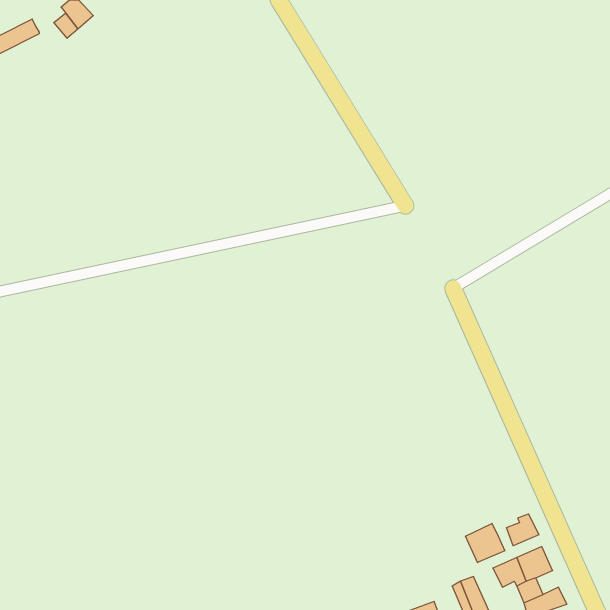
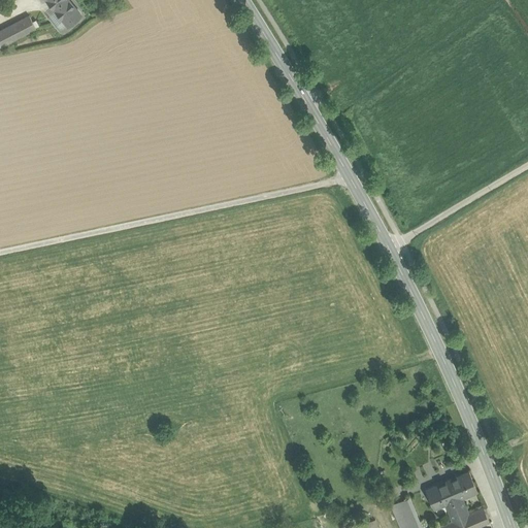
building: [506,514,539,546] -> none
building: [466,523,505,563] -> none

